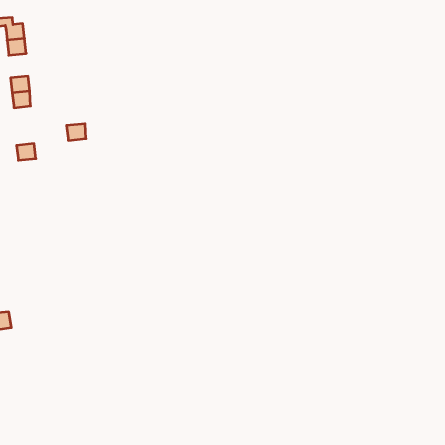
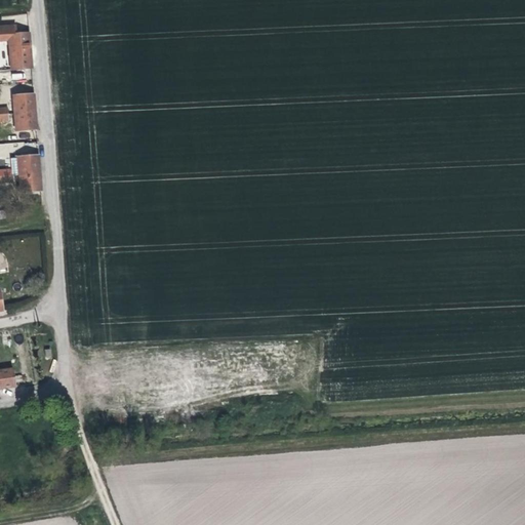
building: [67,124,86,140] -> [17,154,40,173]

